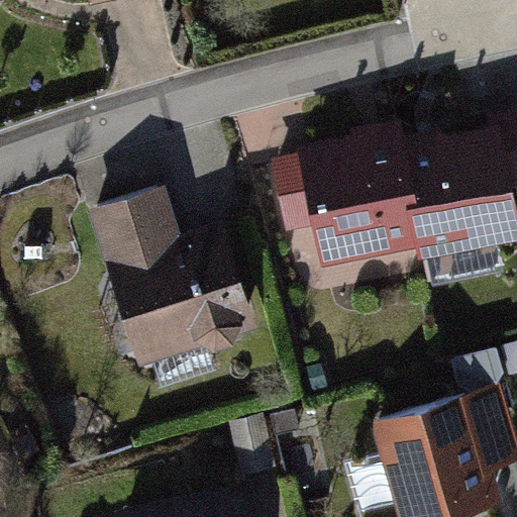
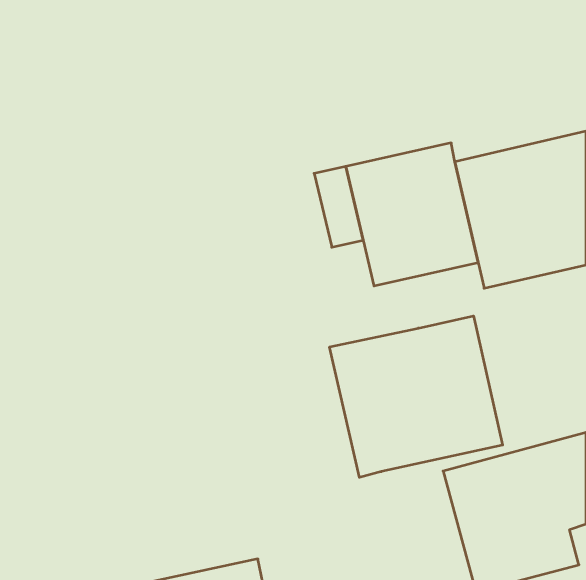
building: [98,193,254,361] -> none
building: none -> [330,316,503,477]

